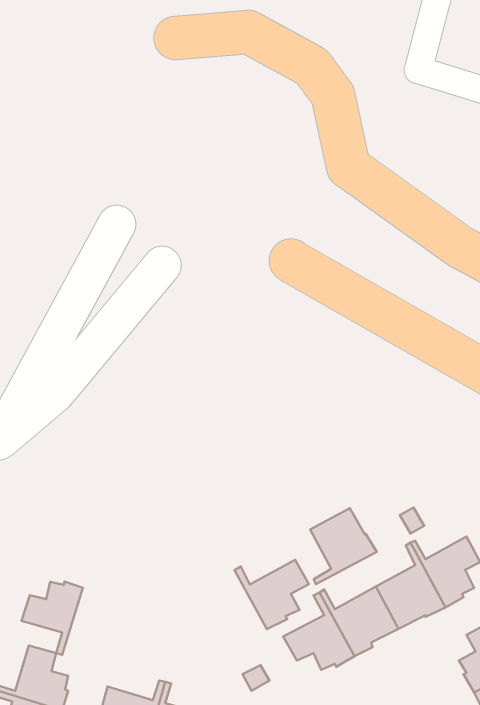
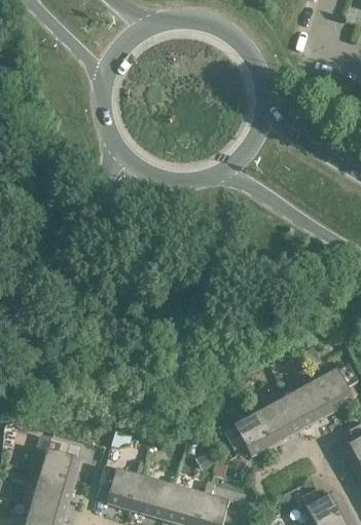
building: [310,508,377,584] -> none
building: [235,560,309,629] -> none
building: [22,582,83,655] -> none

